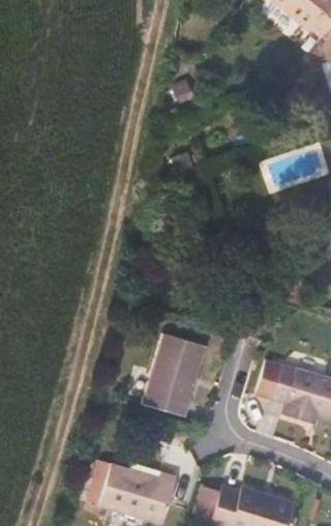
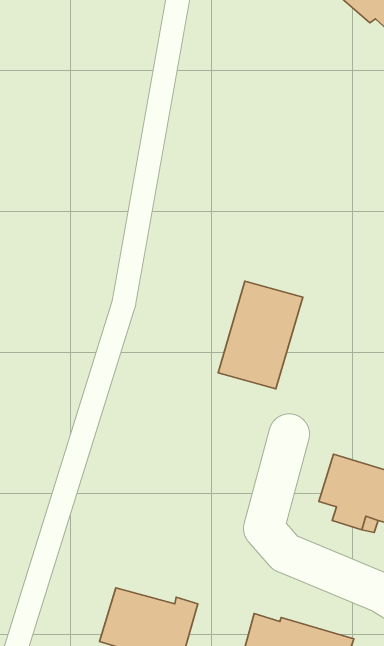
building: [141,333,206,416] -> [218,281,303,389]

